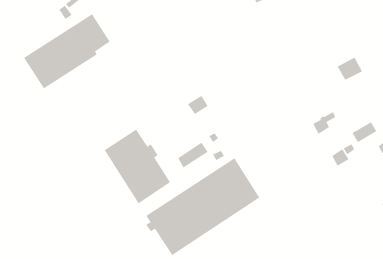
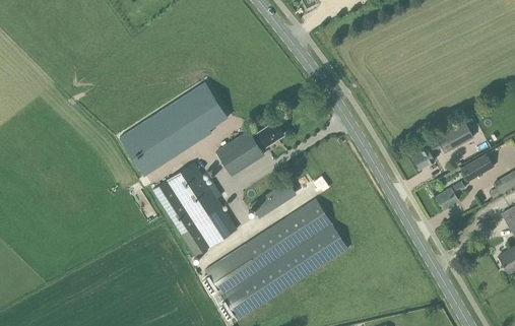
building: [23,14,111,89] -> [119,83,228,177]
building: [337,57,363,81] -> [442,121,474,150]
building: none -> [216,131,264,176]

